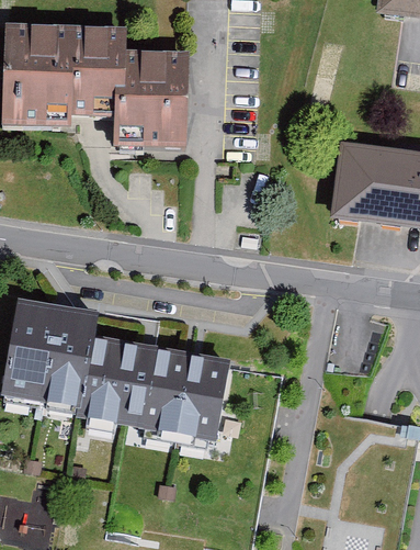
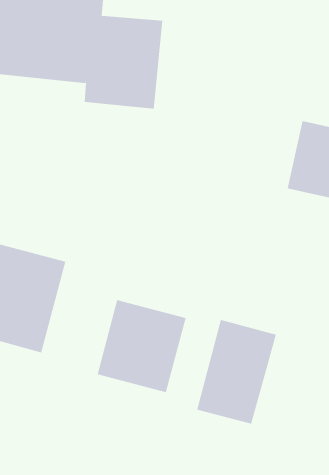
building: [81,336,157,427] -> none
building: none -> [197,319,276,425]

